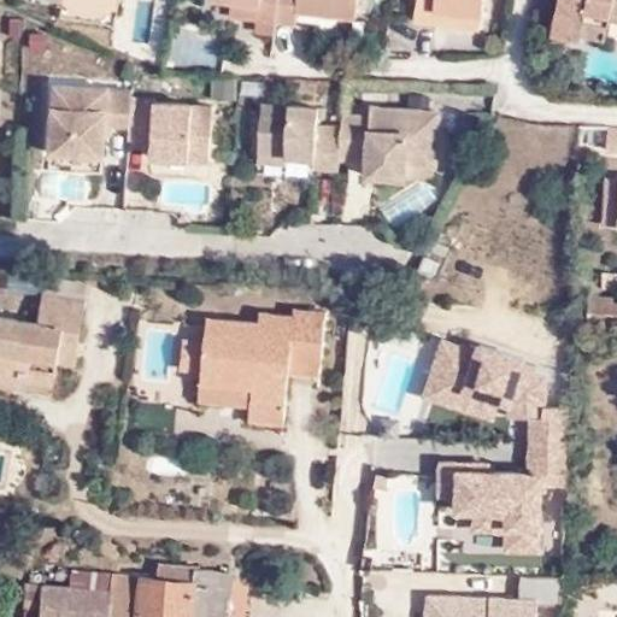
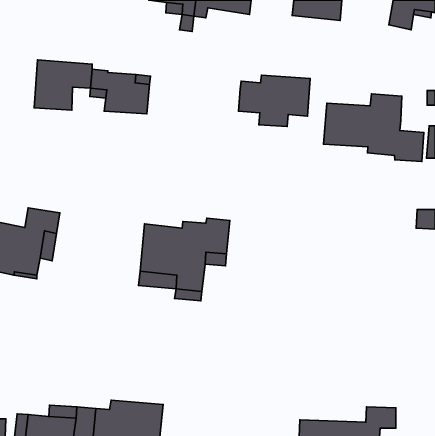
building: [257,104,339,171] -> none
building: none -> [324,94,424,162]
building: [422,340,565,556] -> none

